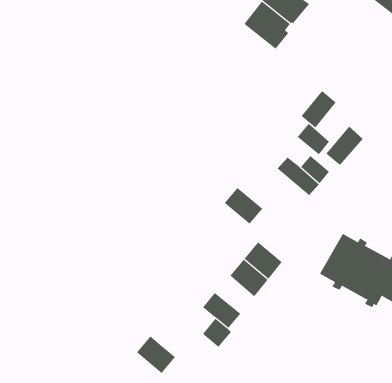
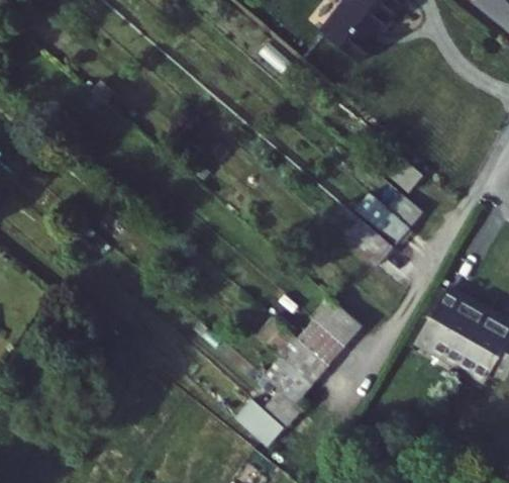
building: [301,90,336,128] -> none
building: [326,126,363,166] -> none
building: [224,187,263,224] -> [346,220,394,266]
building: none -> [281,337,329,385]
building: [136,336,176,374] -> [235,398,284,445]

